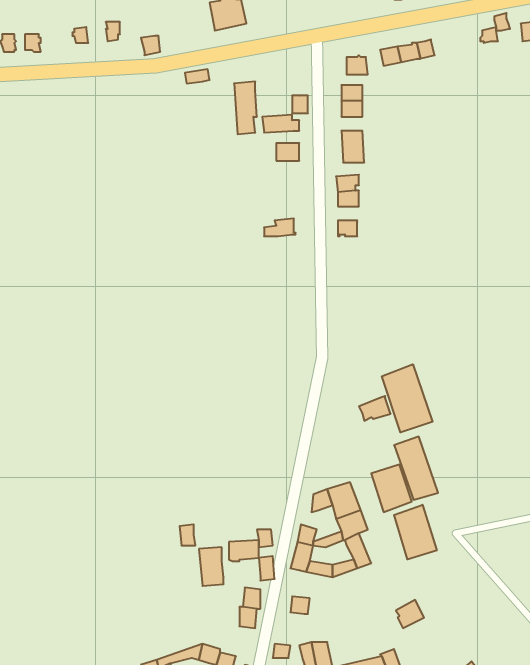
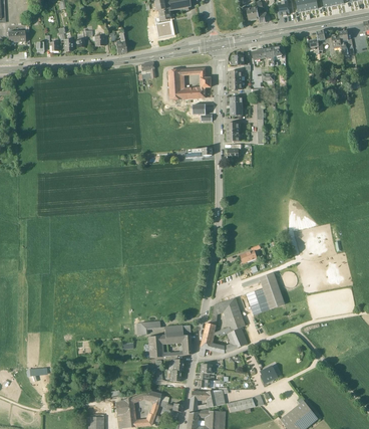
building: [382,364,433,432] -> none
building: [394,505,437,559] -> none

